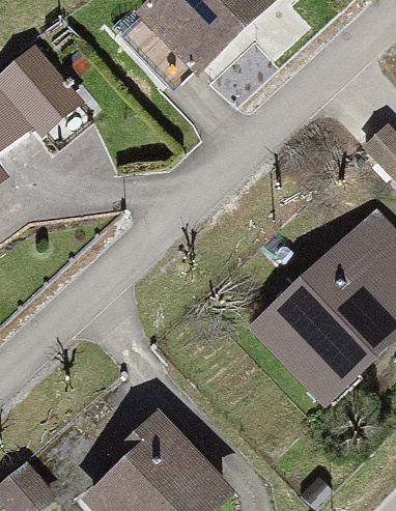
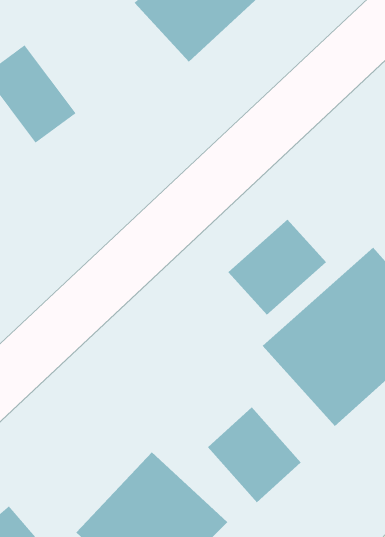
building: none -> [228,219,327,315]
building: none -> [207,406,302,503]

